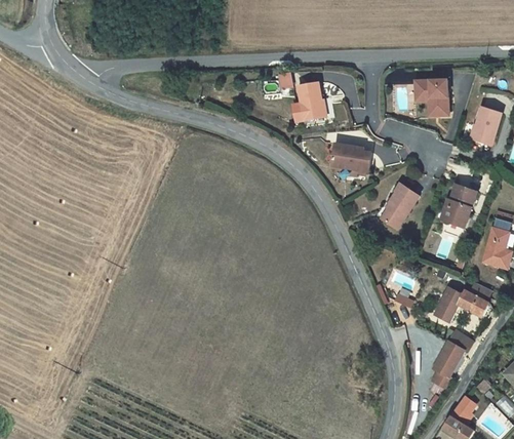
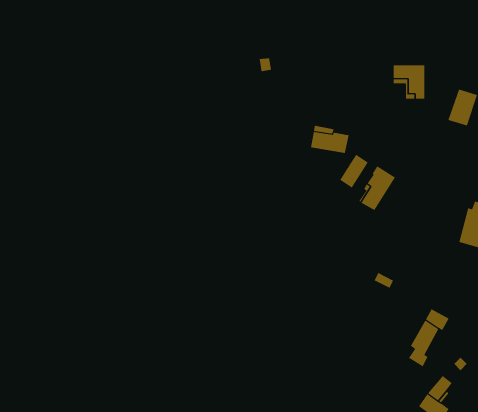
building: [298,83,324,120] -> none
building: none -> [340,154,369,188]
building: [442,185,475,226] -> none
building: [434,287,488,321] -> none

